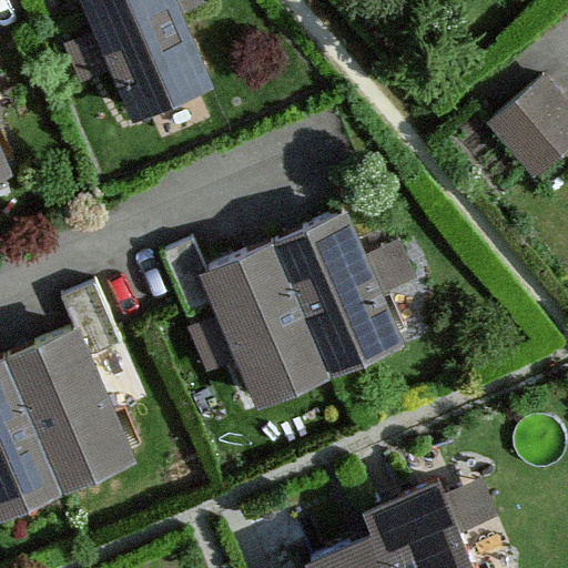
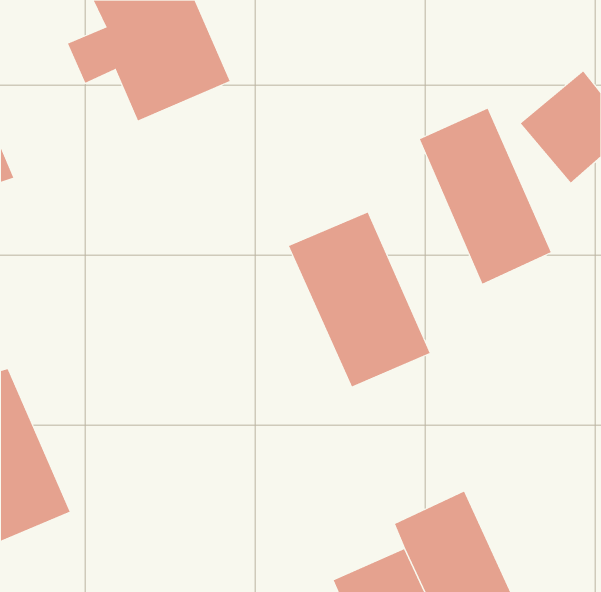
building: none -> [419,108,552,284]
building: [193,241,332,409] -> none
building: [8,325,140,491] -> none

